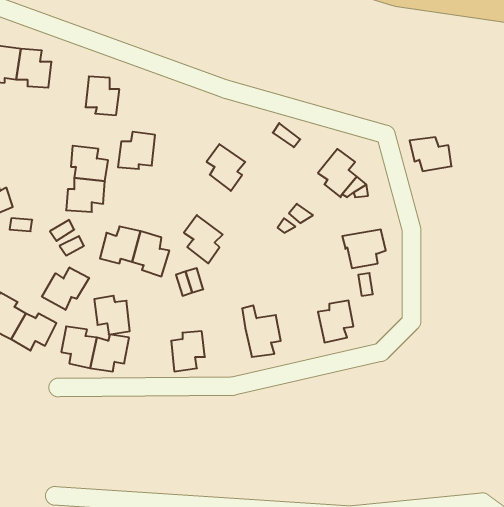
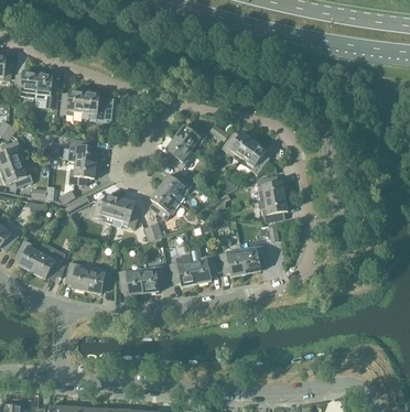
building: none -> [174,123,207,150]
building: [118,132,155,169] -> [60,89,85,115]
building: none -> [222,132,255,158]
building: [410,137,452,171] -> [256,176,284,199]
building: none -> [159,173,193,199]
building: [42,267,89,310] -> none
building: [94,296,130,335] -> [119,269,143,295]
building: none -> [219,250,246,277]
building: none -> [170,260,196,286]

